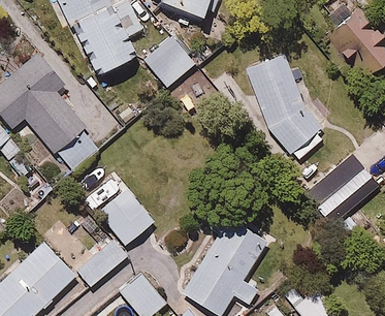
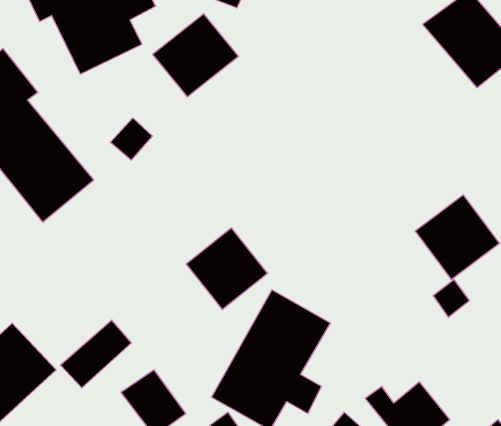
building: [242,48,331,163] -> none
building: [96,188,152,244] -> [186,228,268,309]

